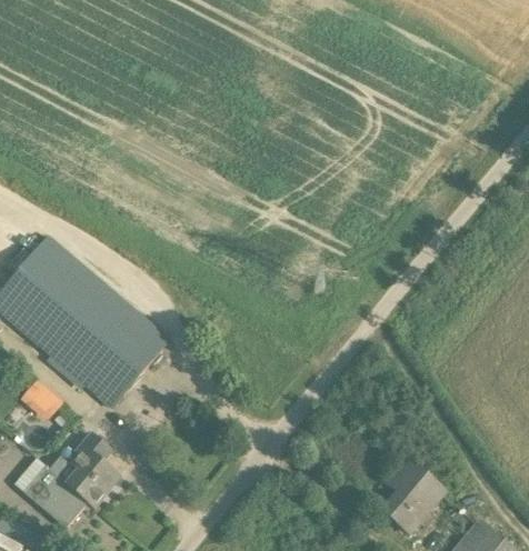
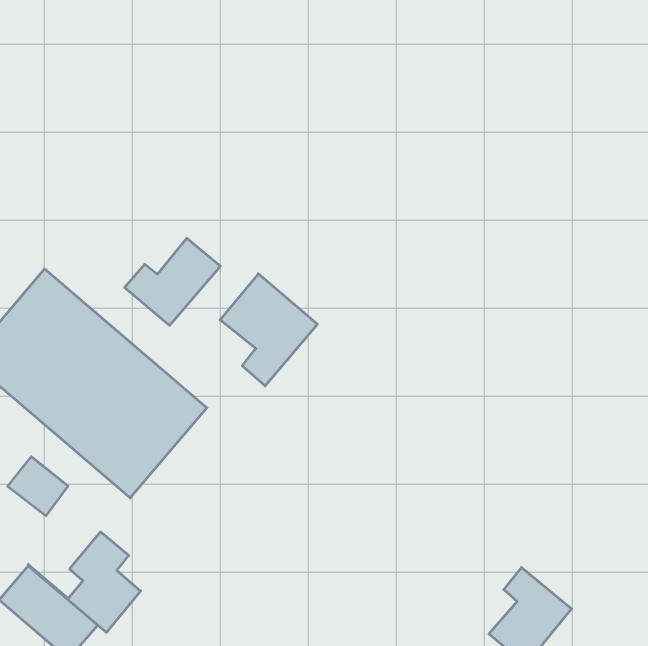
building: none -> [125,238,220,325]
building: none -> [220,274,317,386]

